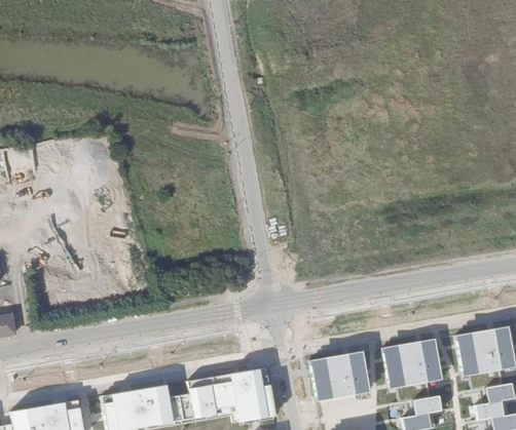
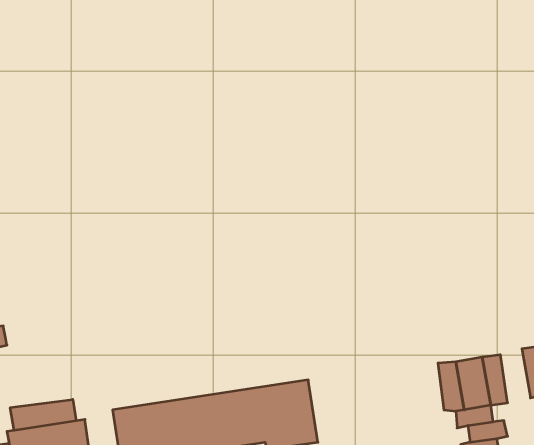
building: [305,350,366,400] -> none
building: none -> [10,399,76,430]

